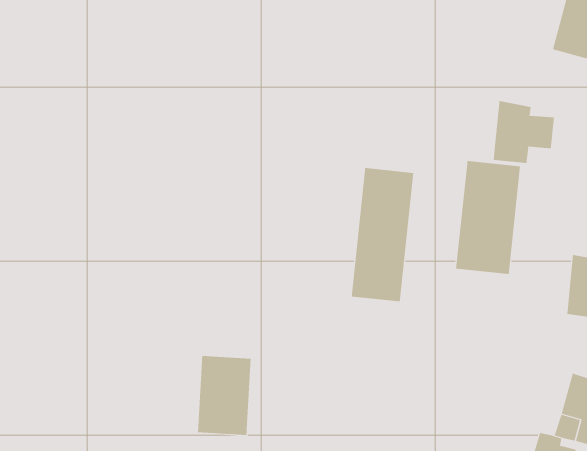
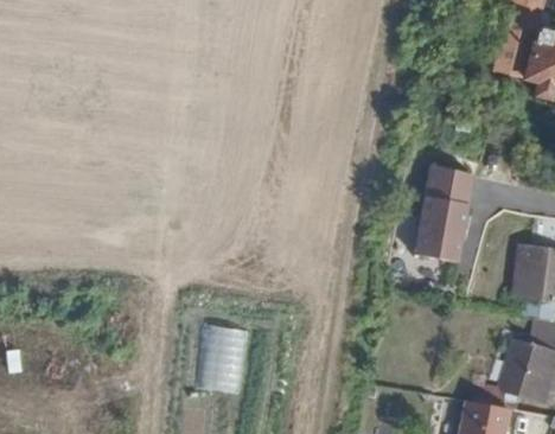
building: [493,100,554,164] -> none
building: [351,167,414,302] -> none

